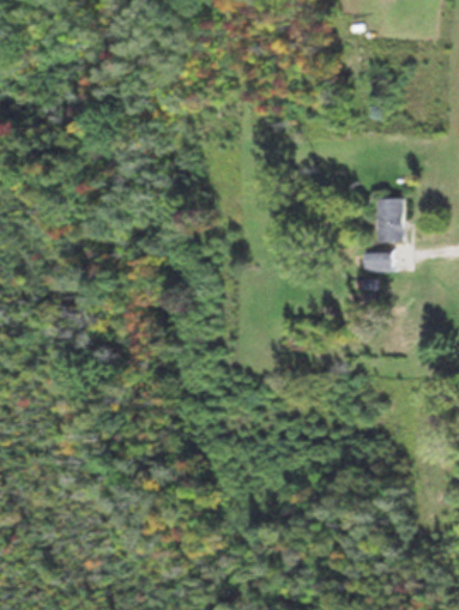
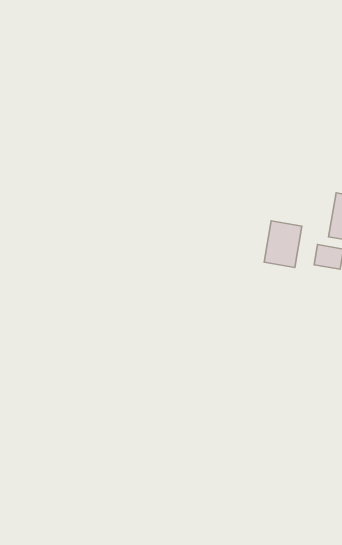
building: none -> [264,221,302,268]

